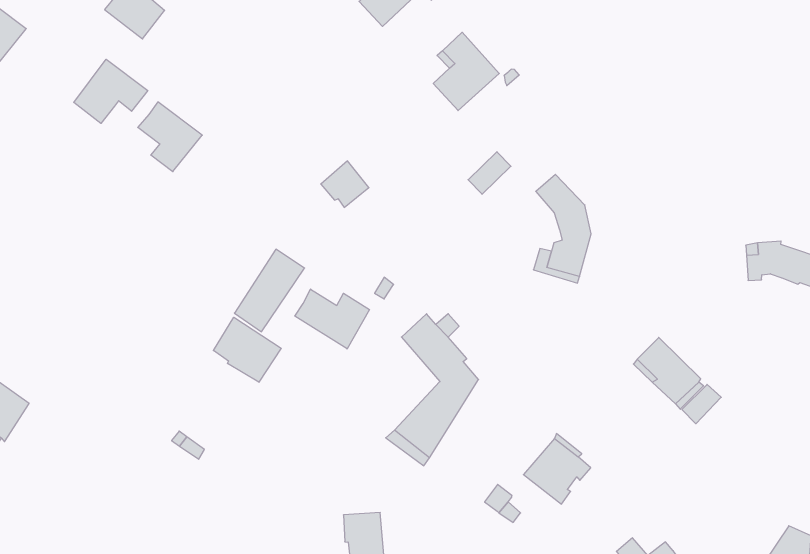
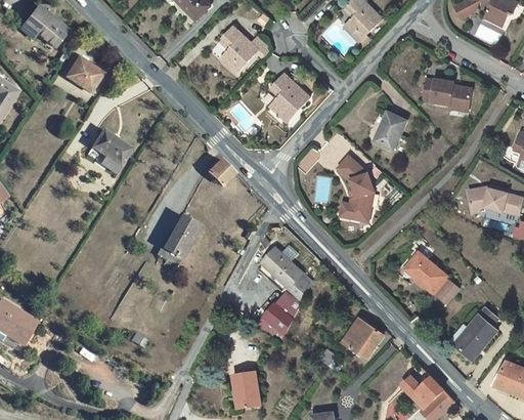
building: none -> [422,78,472,107]
building: [74,59,148,123] -> none
building: none -> [374,111,405,149]
building: [295,289,369,349] -> none
building: [213,317,281,382] -> none
building: none -> [450,307,496,359]

